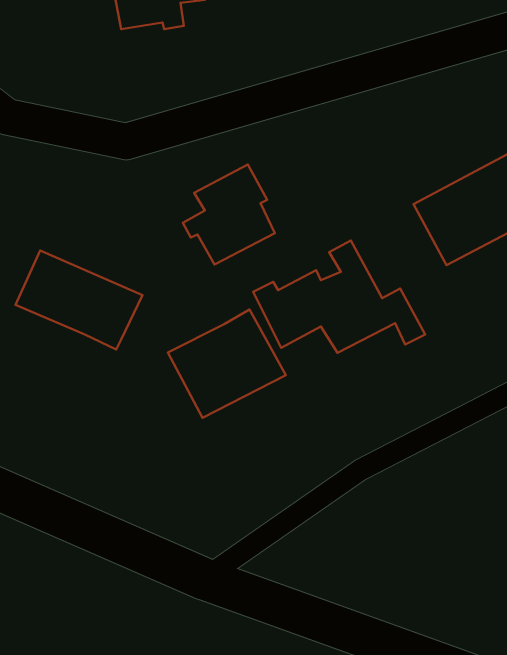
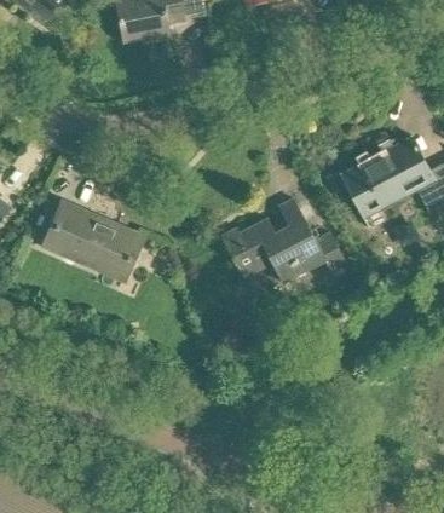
building: [183,165,275,265] -> none
building: [168,310,286,418] -> none

